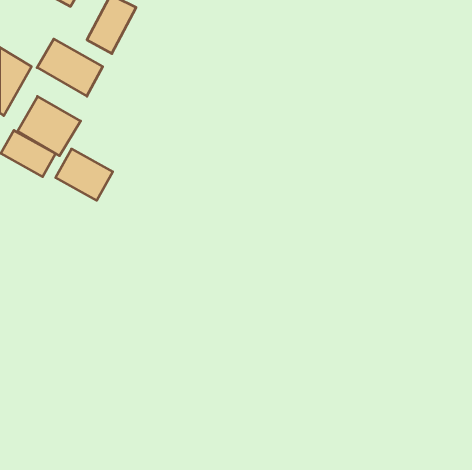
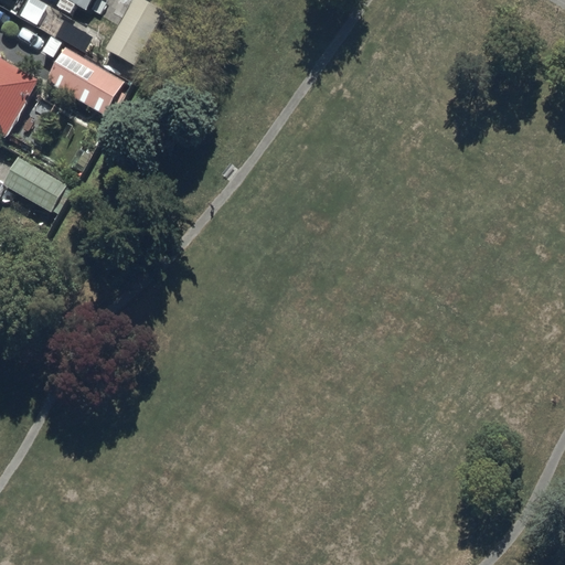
building: [18,96,81,156] -> none
building: [56,149,113,200] -> none

